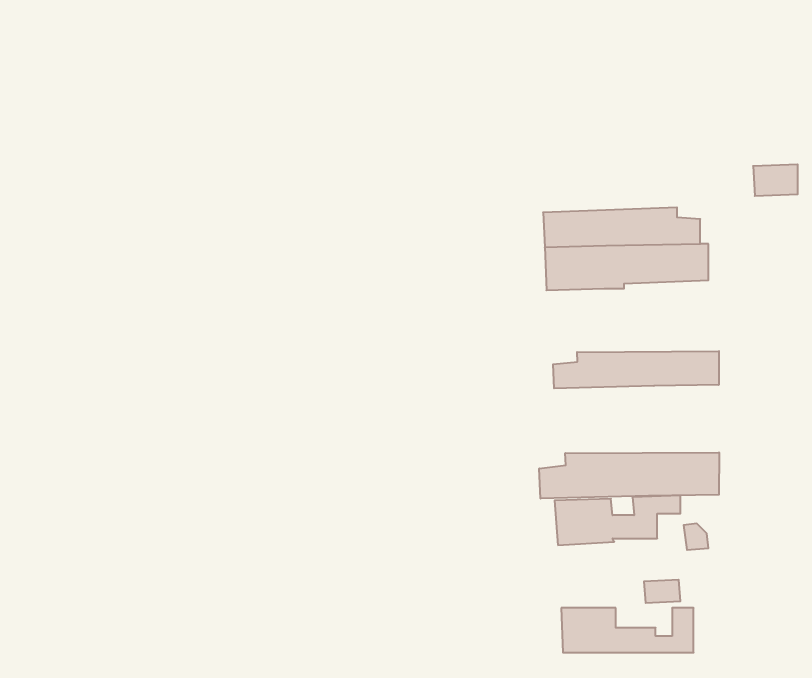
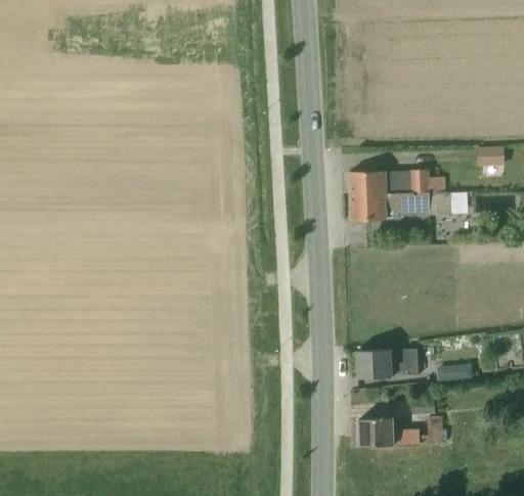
building: [553,351,719,388] -> none
building: [539,452,719,499] -> none

